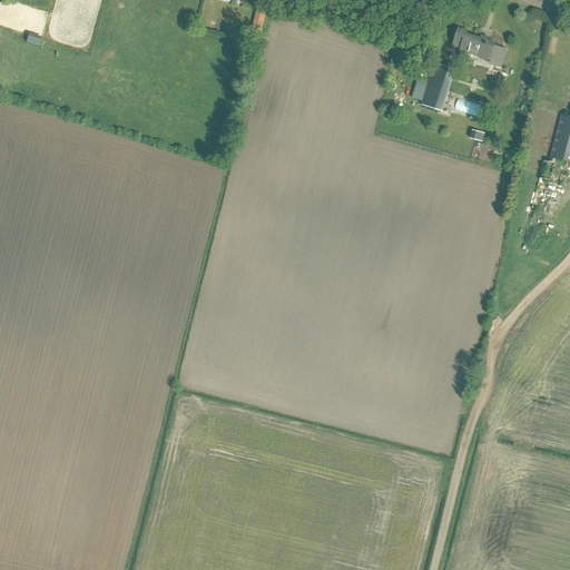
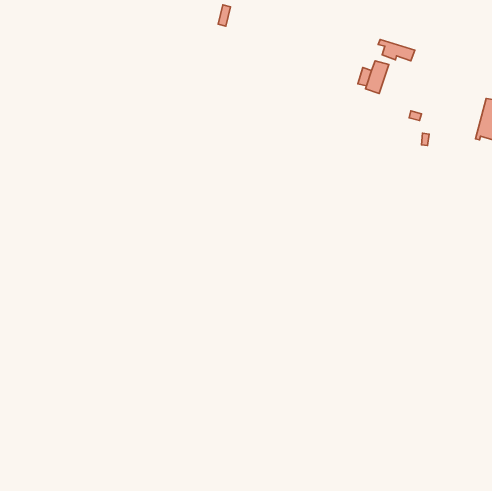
building: [454,27,508,66] -> none

